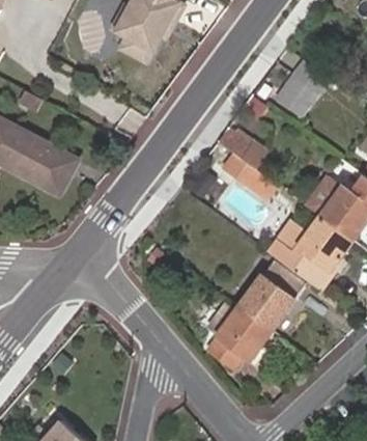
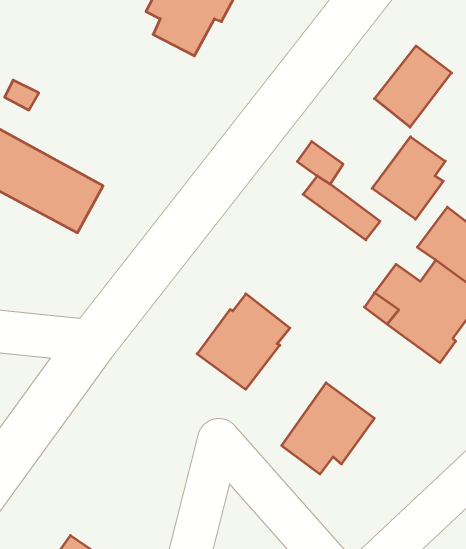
building: none -> [372,137,445,219]
building: [239,260,307,330] -> [197,294,290,389]

